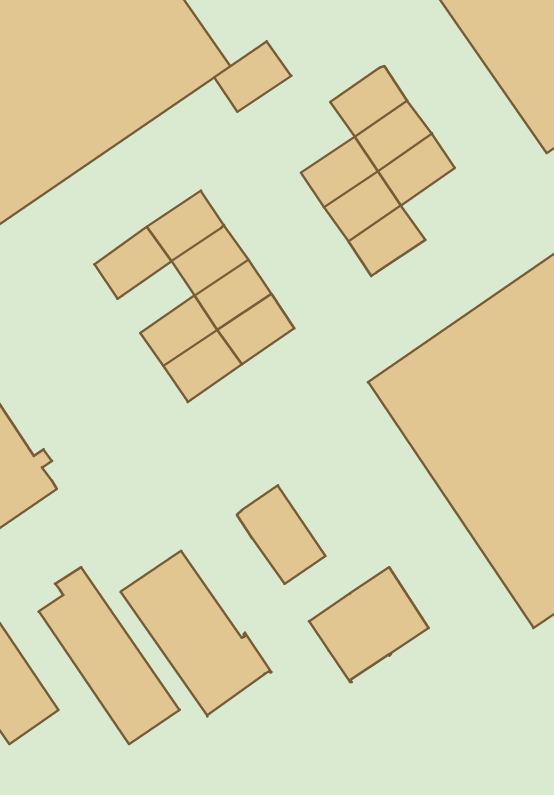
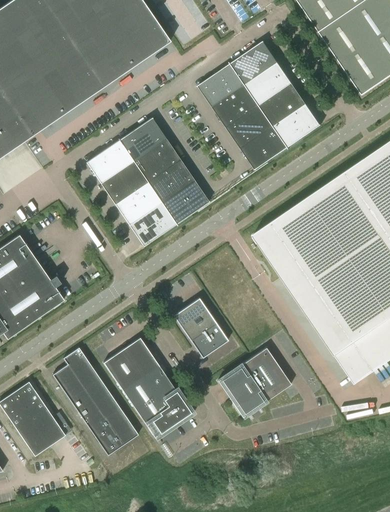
building: [214,41,291,112] -> [199,64,246,107]
building: none -> [274,104,321,148]
building: none -> [101,161,148,205]

